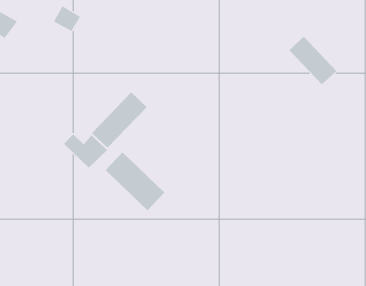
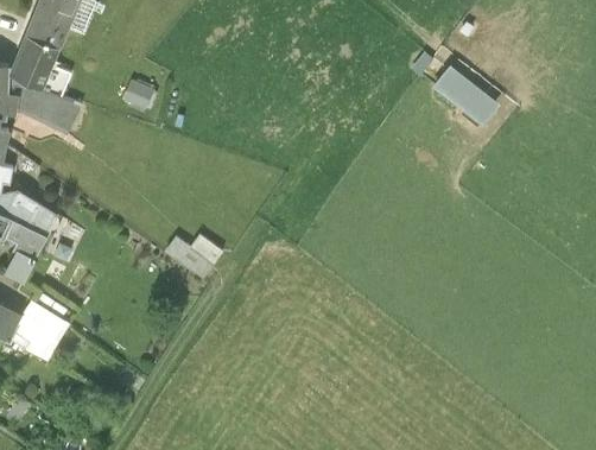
building: [91,92,148,149] -> none
building: [105,151,165,211] -> none

